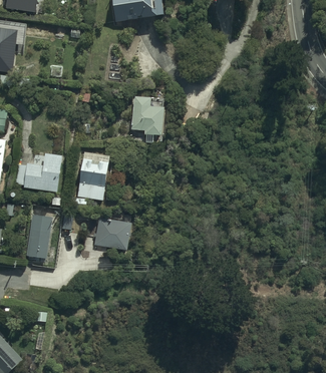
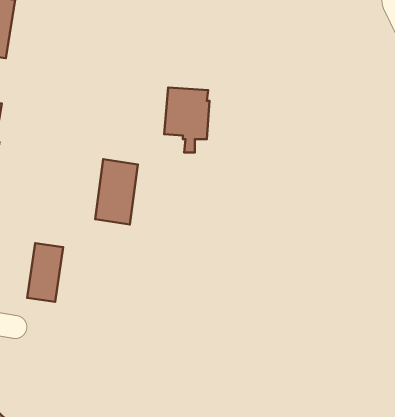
building: [14,150,62,191] -> none
building: [92,217,129,253] -> none

